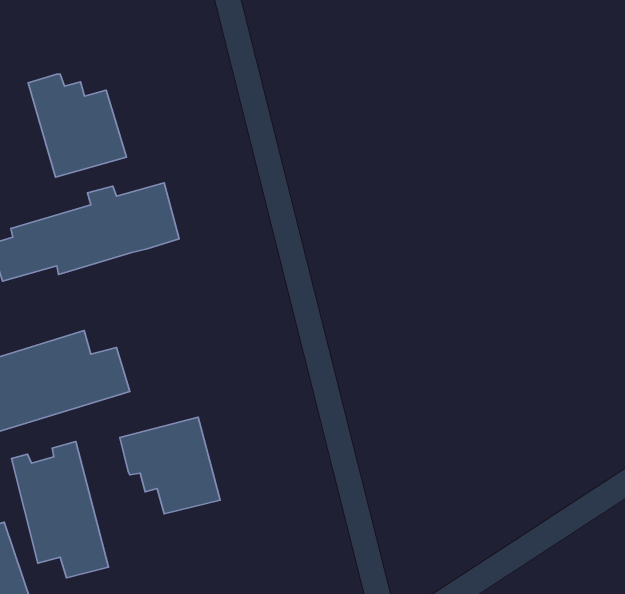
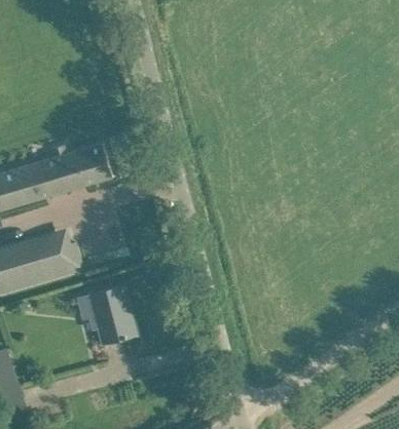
building: [28,74,126,177] -> none
building: [11,441,109,578] -> none

